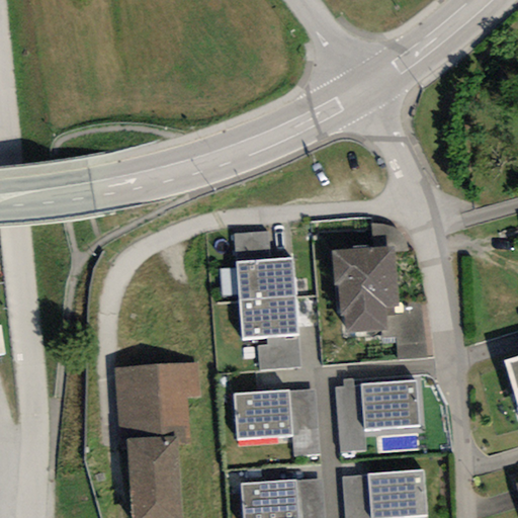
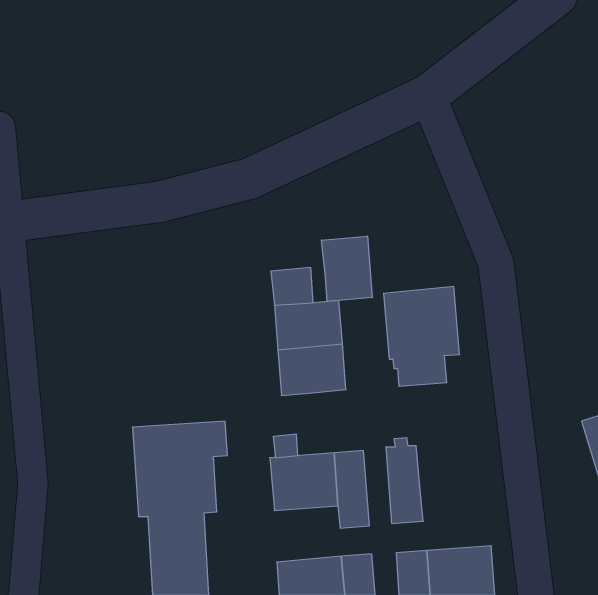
building: none -> [321,236,372,301]
building: [259,336,303,368] -> none
building: [360,379,420,429] -> none

